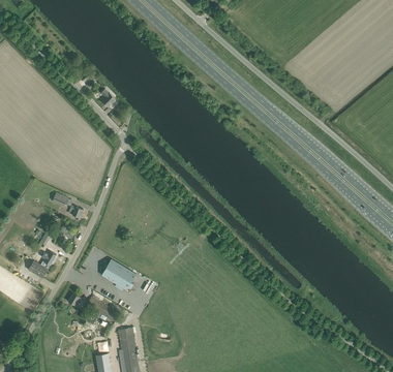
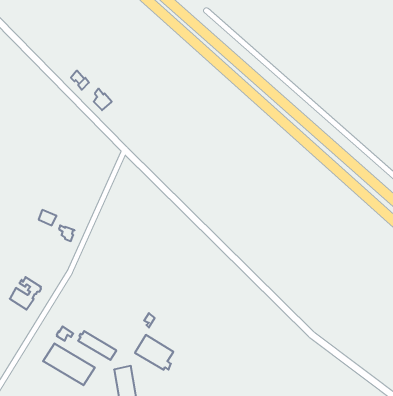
building: [100,258,133,288] -> [135,335,173,370]
building: none -> [43,343,95,385]

